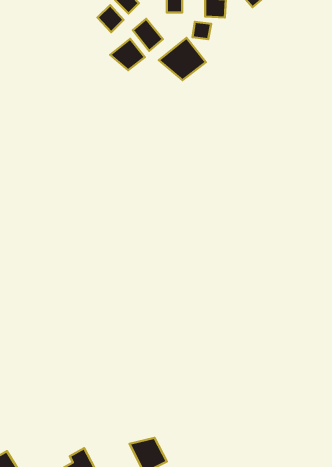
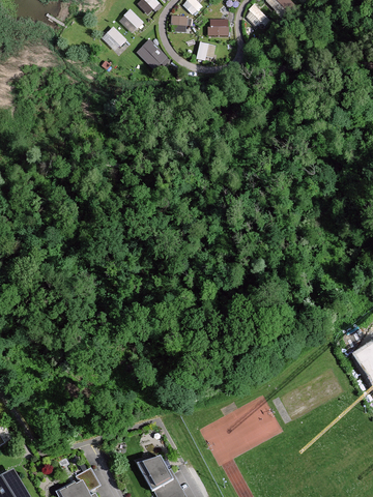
building: [159,38,206,80] -> none
building: [110,39,145,70] -> none

